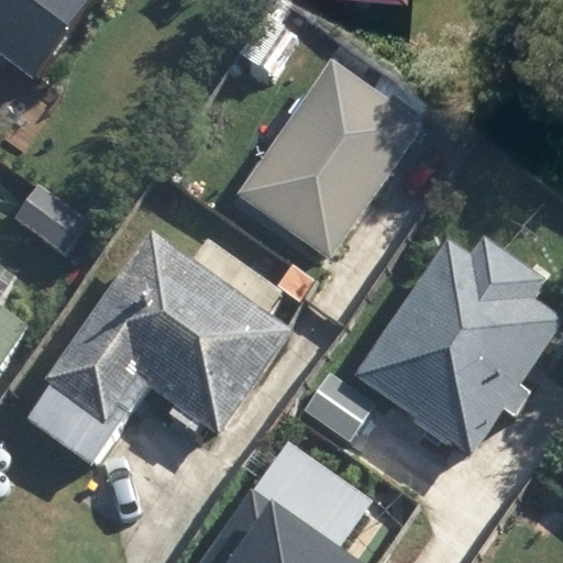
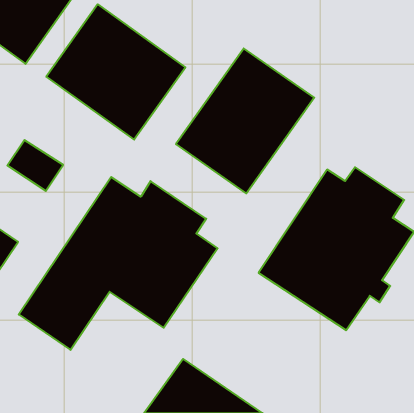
building: none -> [46,4,185,140]

